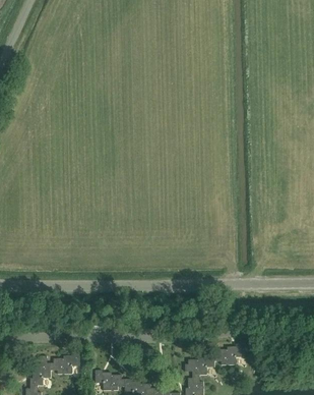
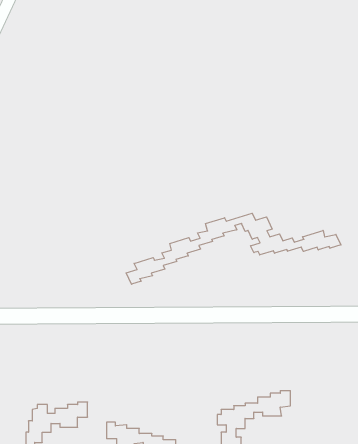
building: none -> [126,213,341,284]

